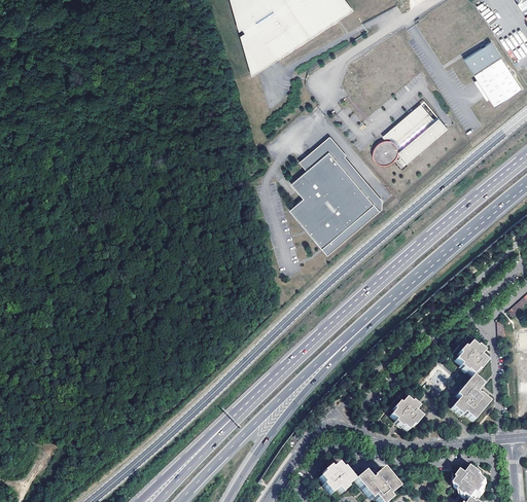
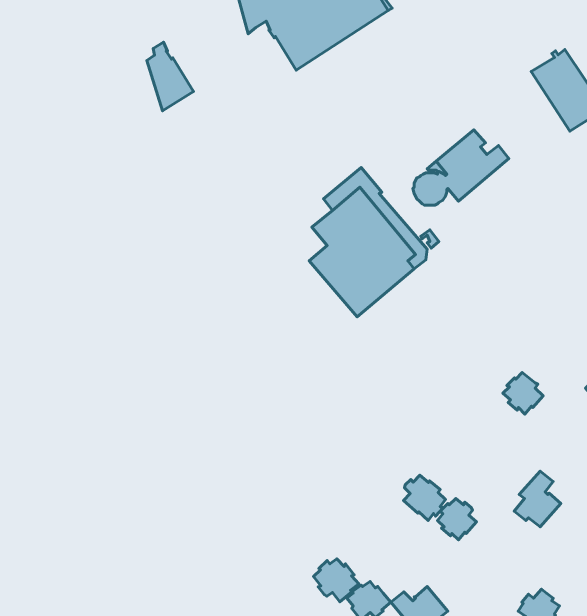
building: [242,19,279,73] -> [147,42,193,111]
building: [455,343,487,375] -> [503,373,543,414]
building: none -> [403,475,445,520]
building: none -> [314,559,359,602]

